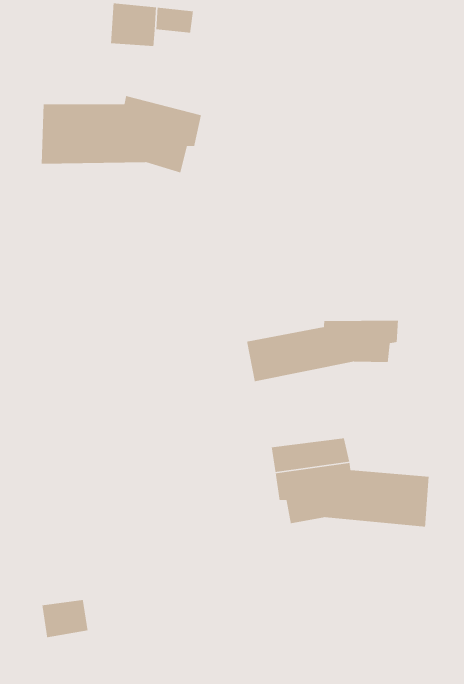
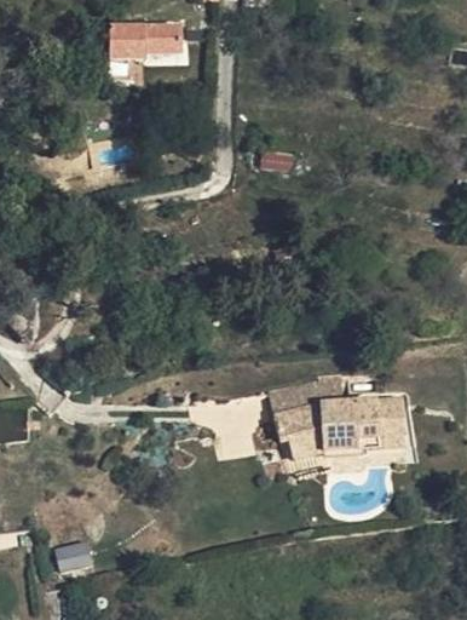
building: [41,95,202,174] -> none
building: [246,320,399,382] -> none

